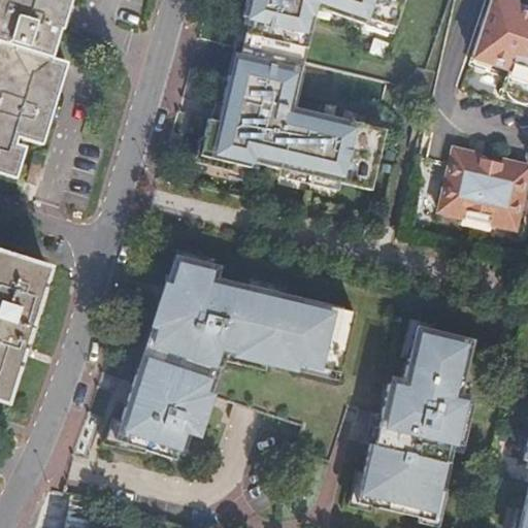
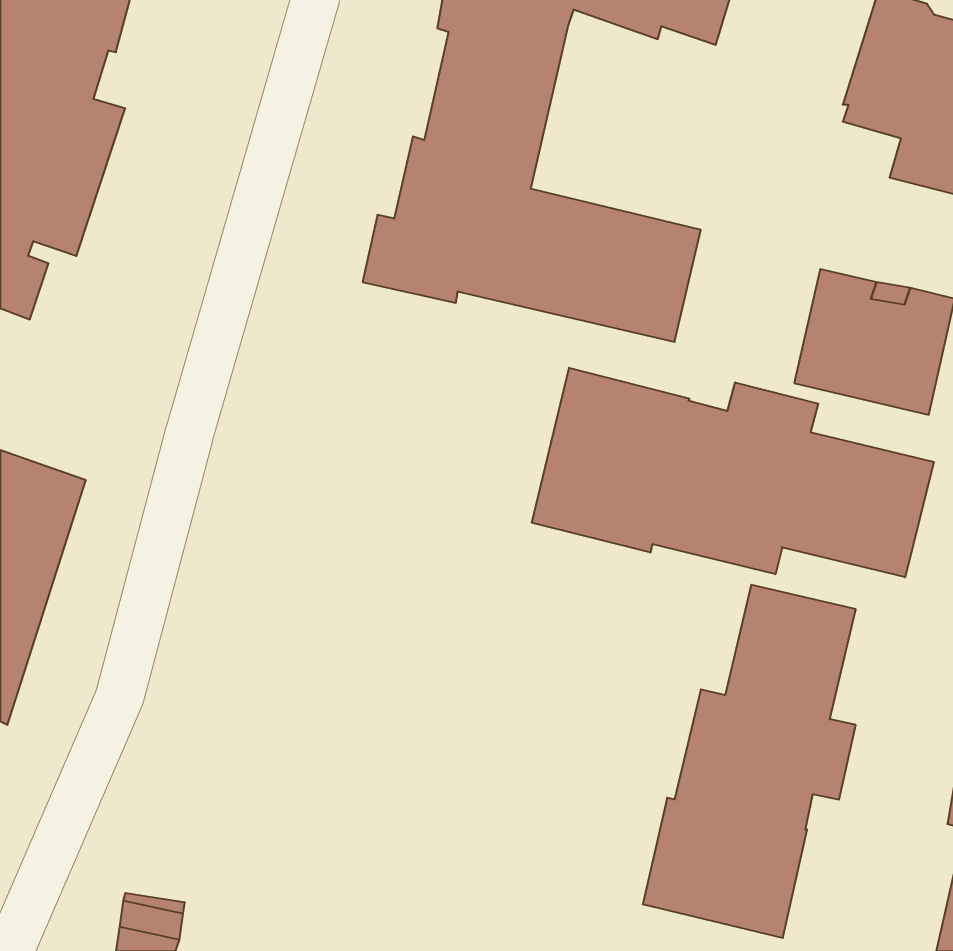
building: none -> [532,368,934,577]
building: [112,257,355,458] -> none

